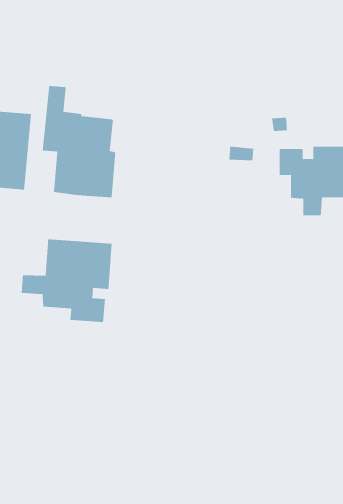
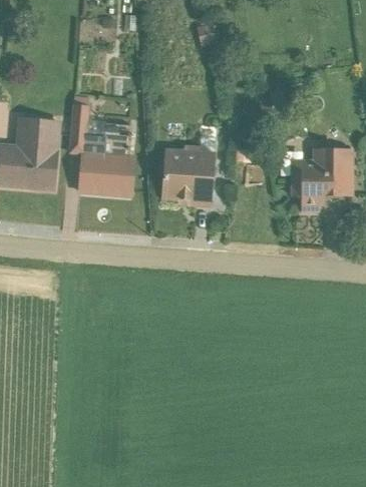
building: none -> [162,137,215,206]
building: [21,238,112,323] -> none

